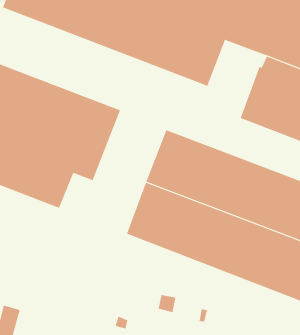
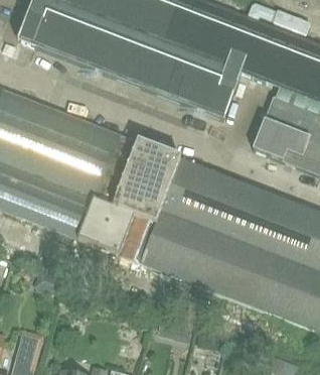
building: none -> [76,140,181,262]

